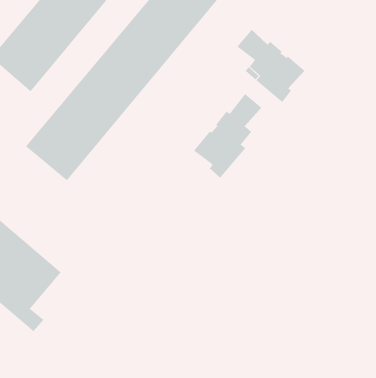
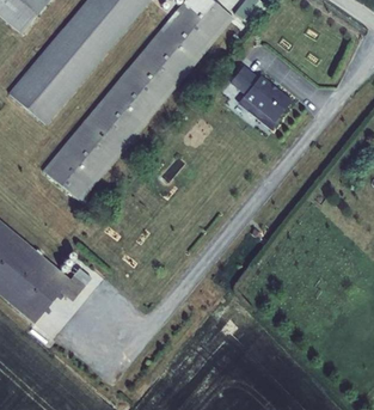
building: [193,93,262,179] -> none

